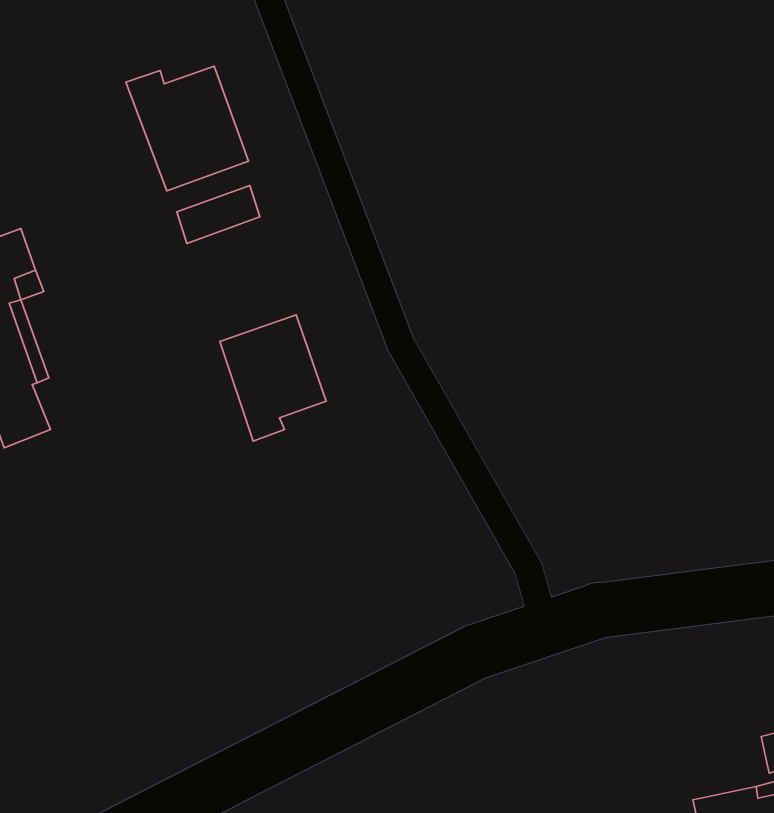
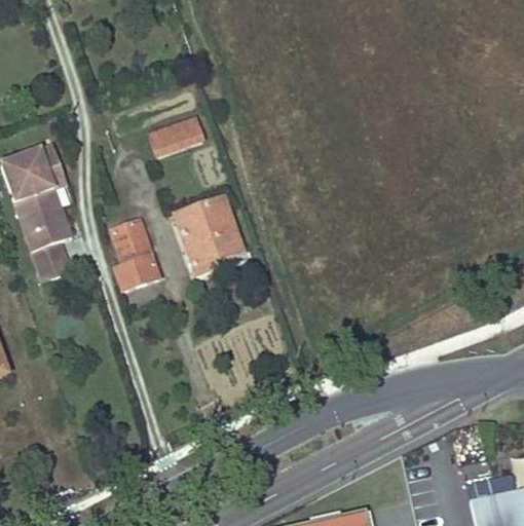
building: [126,66,249,191] -> none
building: none -> [113,221,159,292]

